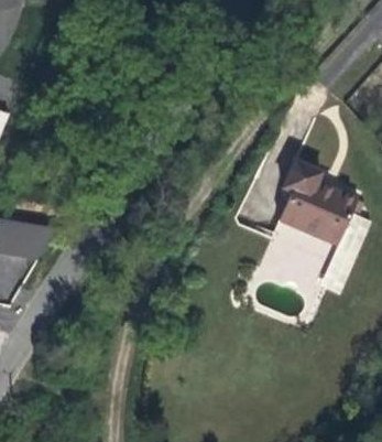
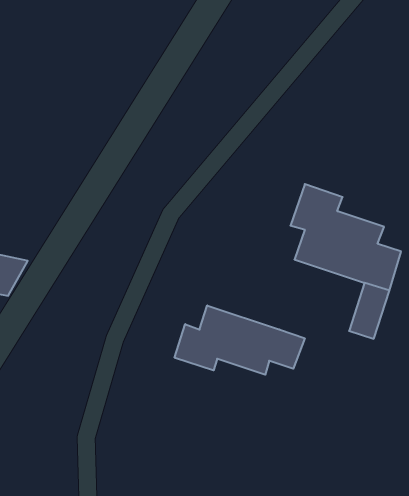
building: none -> [175,305,305,375]

